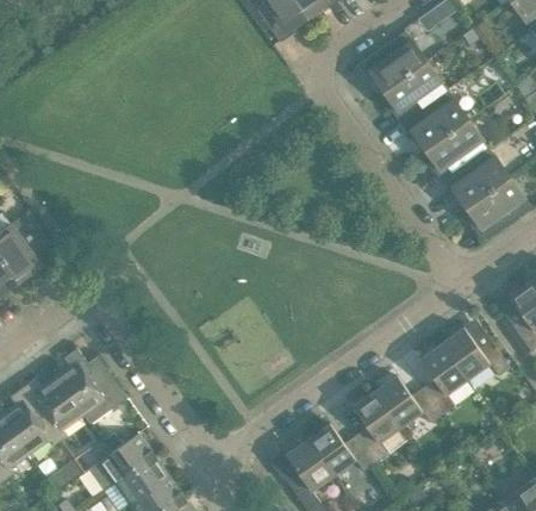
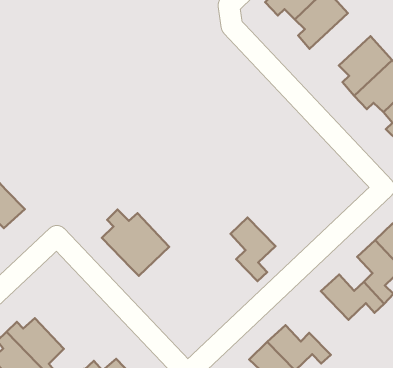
building: [400,91,469,147] -> none
building: [56,349,129,425] -> [102,210,169,276]
building: [354,392,401,463] -> [230,218,275,281]

